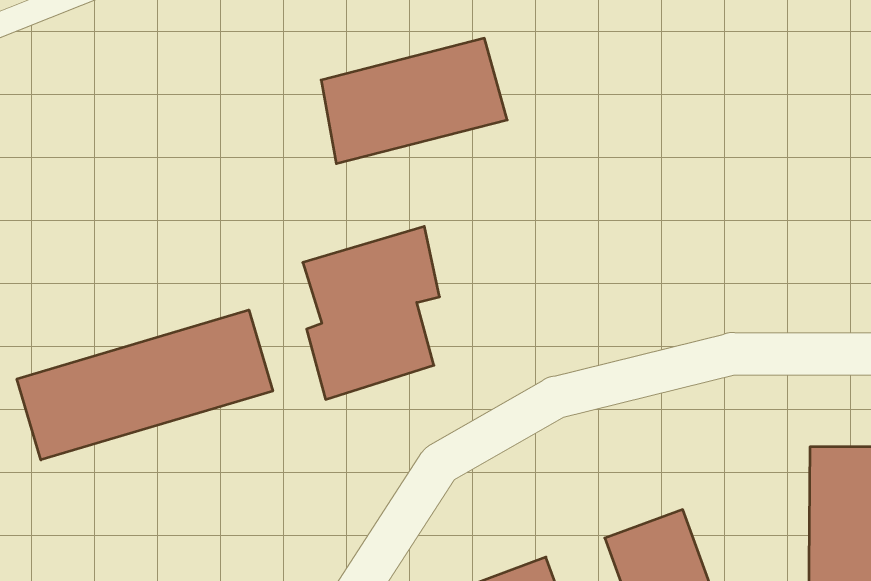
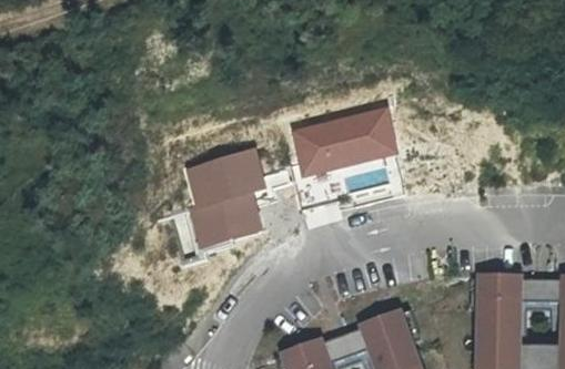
building: [321,38,507,164] -> [289,105,397,178]
building: [17,310,273,460] -> none

